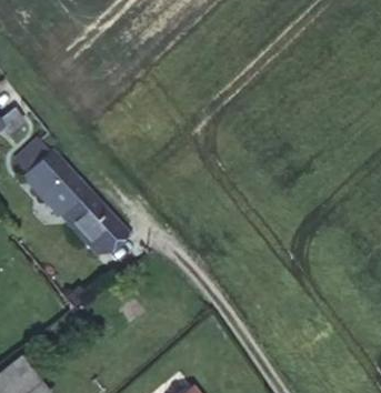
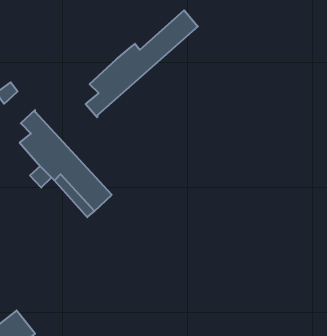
building: none -> [86,10,198,117]

